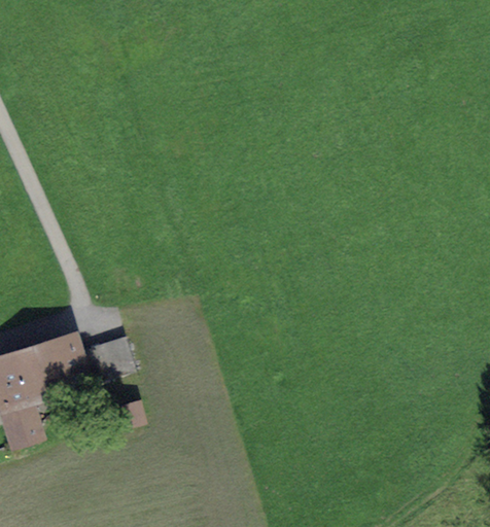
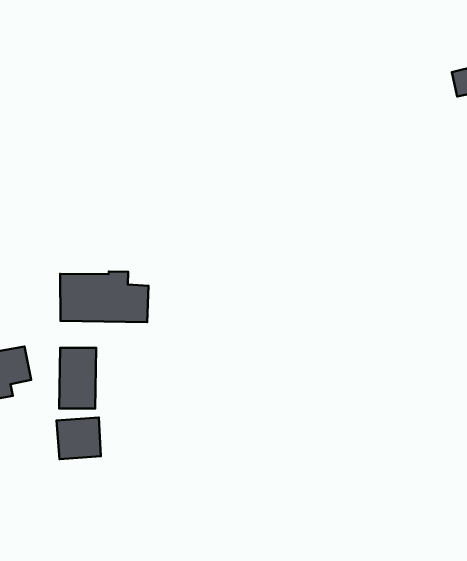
building: none -> [60,271,148,322]

